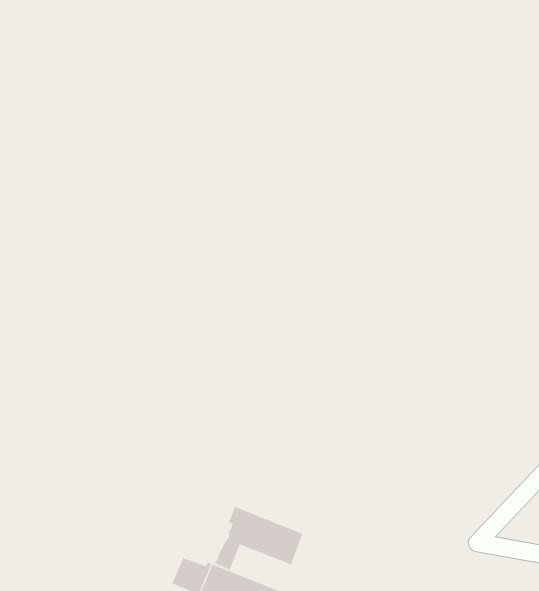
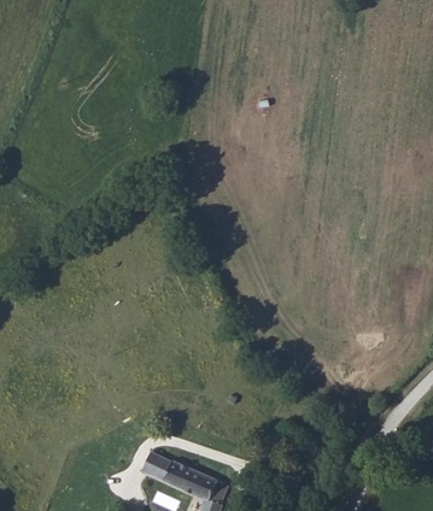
building: [214,506,303,571] -> none

